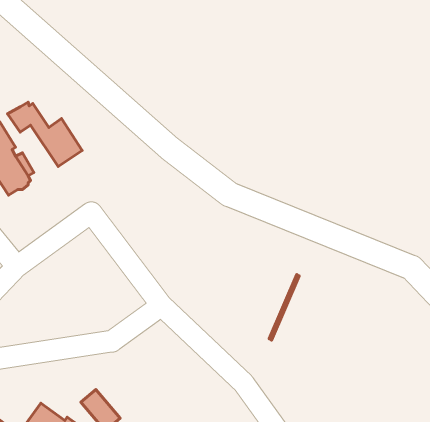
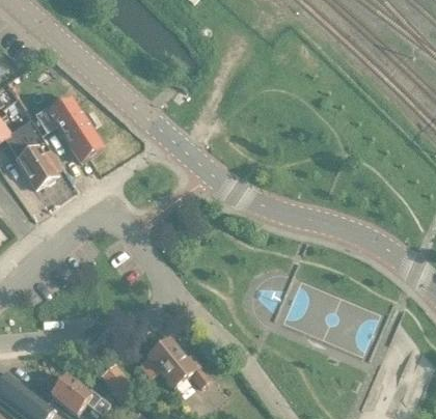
building: none -> [139,338,209,387]

